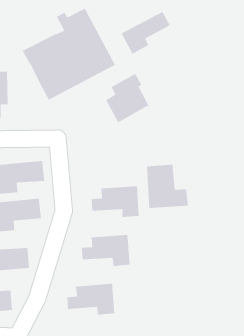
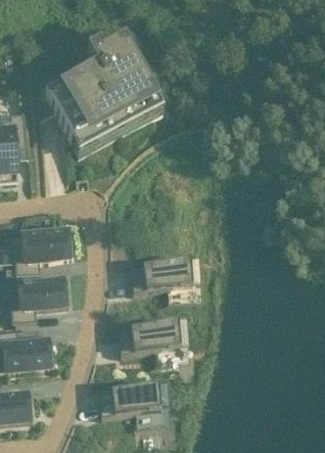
building: [121,11,171,55] -> none
building: [105,73,151,123] -> none
building: [146,164,189,209] -> none

